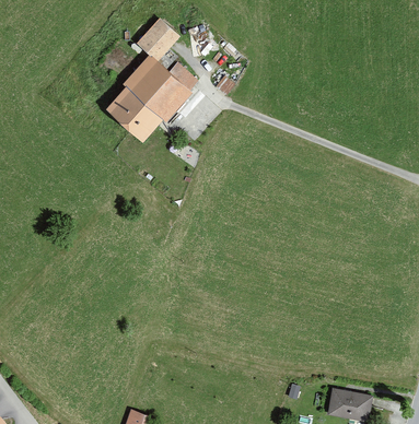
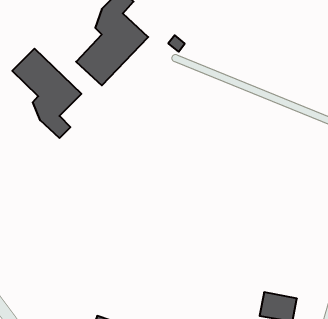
building: none -> [12,49,81,138]

